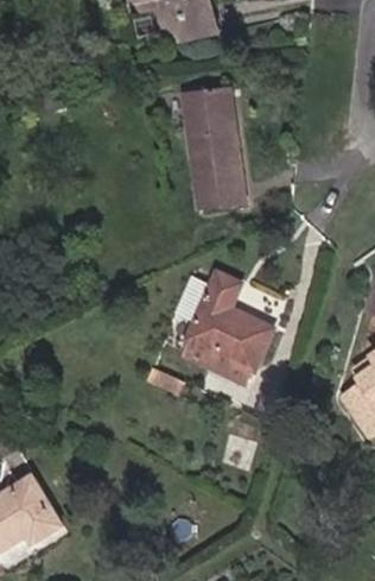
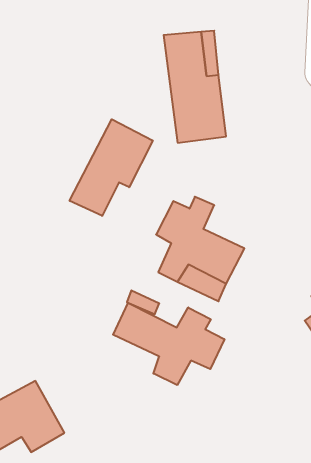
building: none -> [70,119,153,216]
building: none -> [113,303,224,385]

